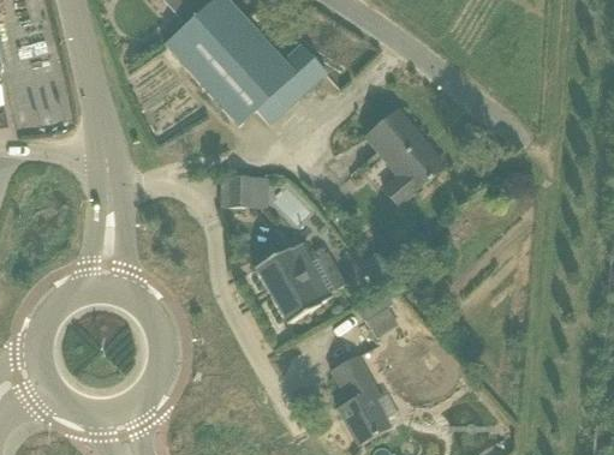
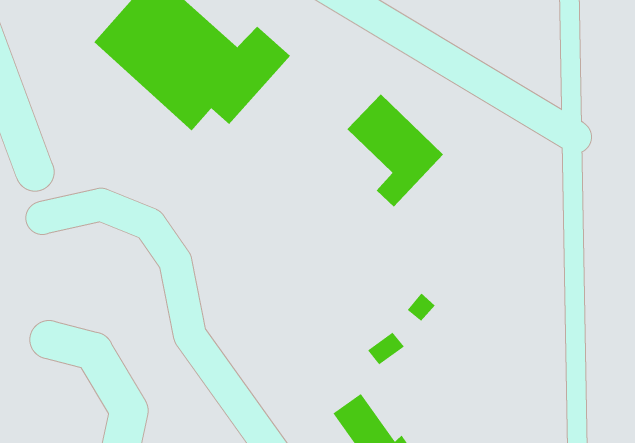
building: [226,175,268,206] -> none
building: [255,241,345,322] -> none

